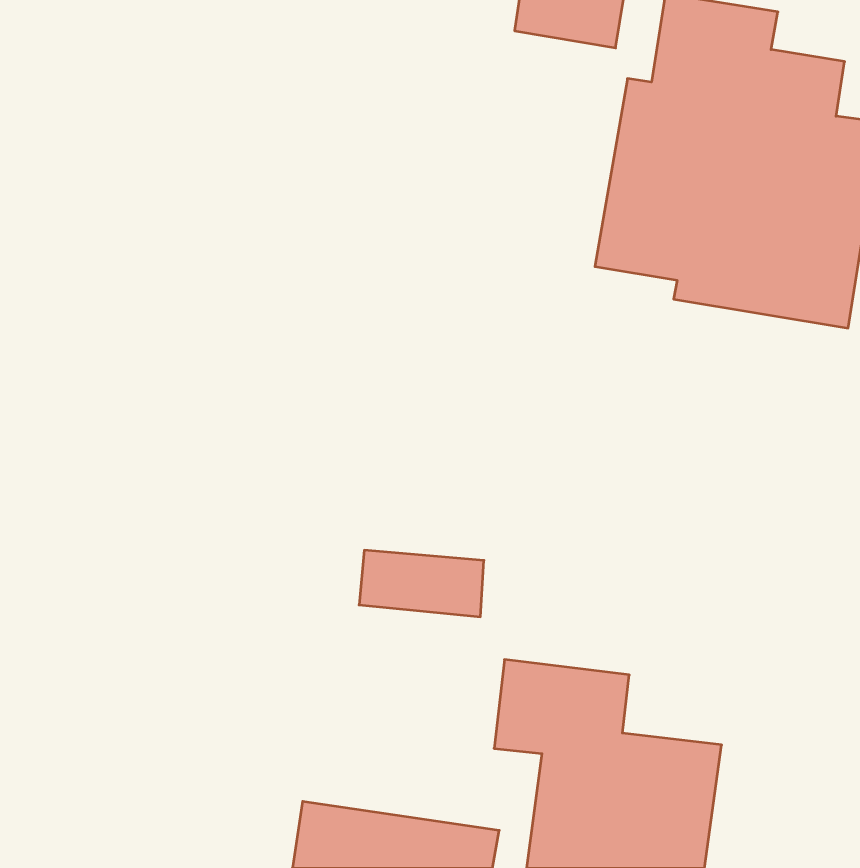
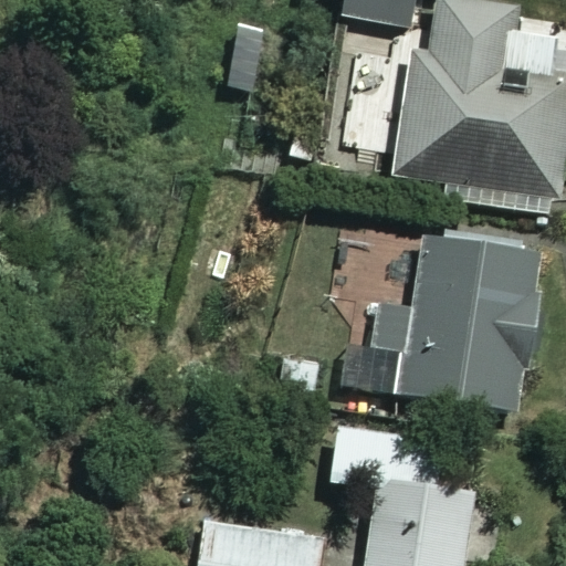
building: none -> [406,241,539,412]

